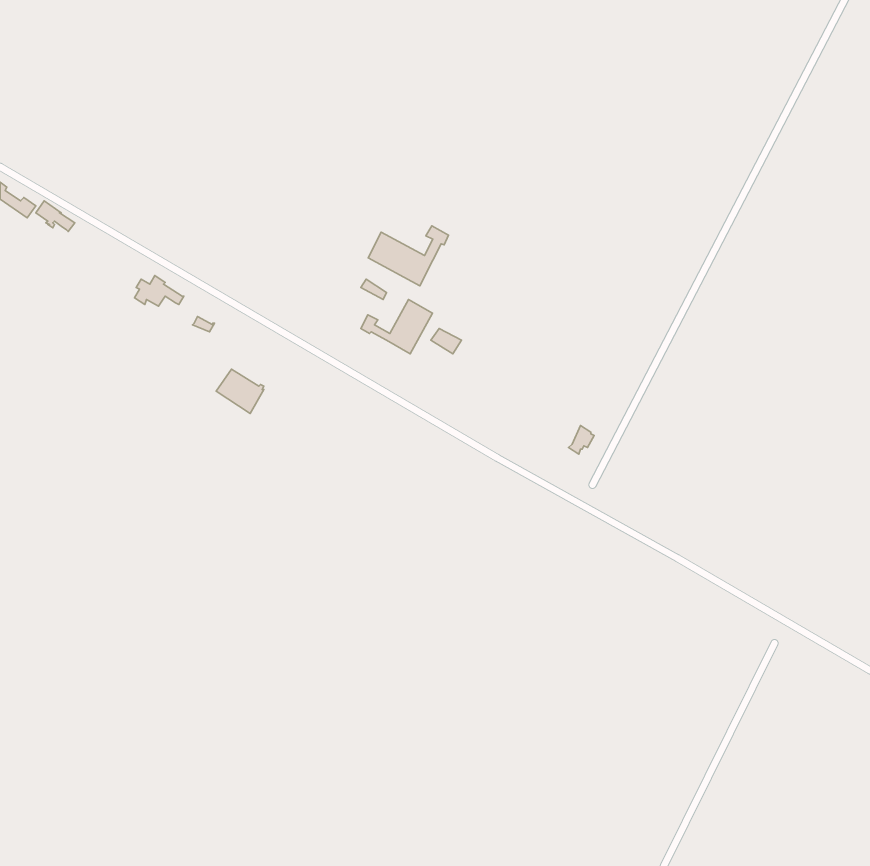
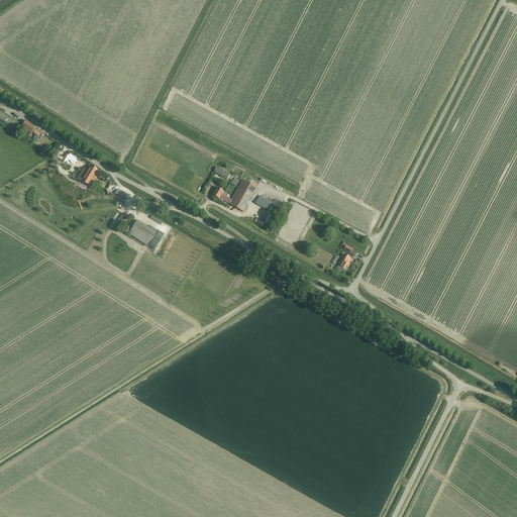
building: [368,226,449,286] -> none

